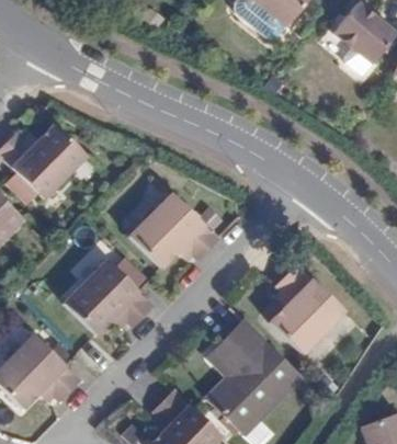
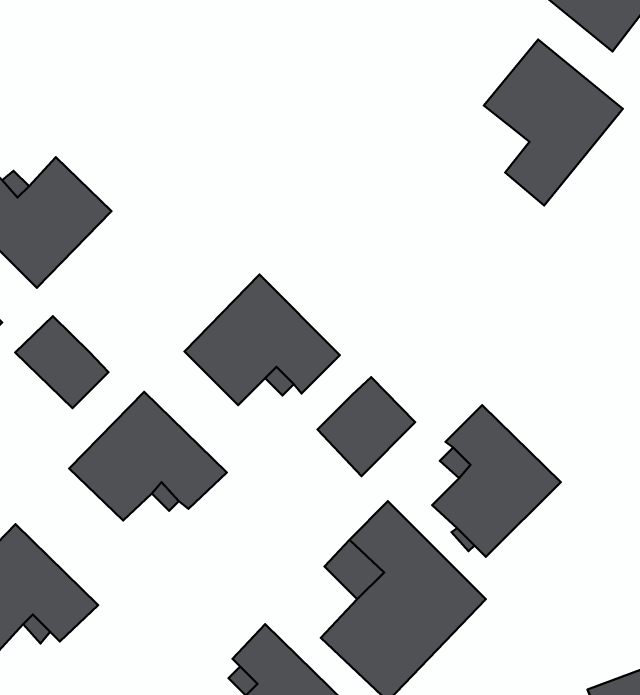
building: none -> [484,39,623,205]
building: none -> [15,316,108,408]
building: none -> [317,377,415,476]

